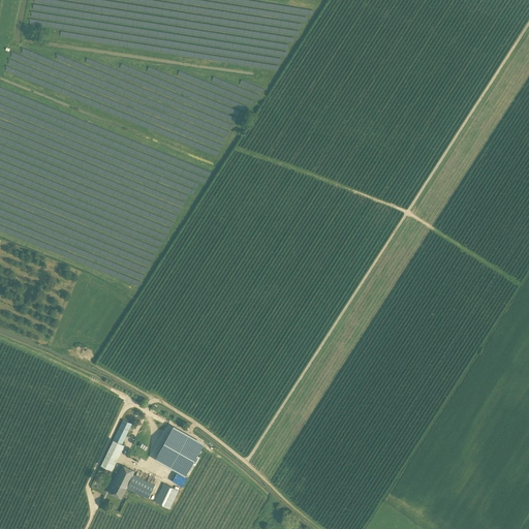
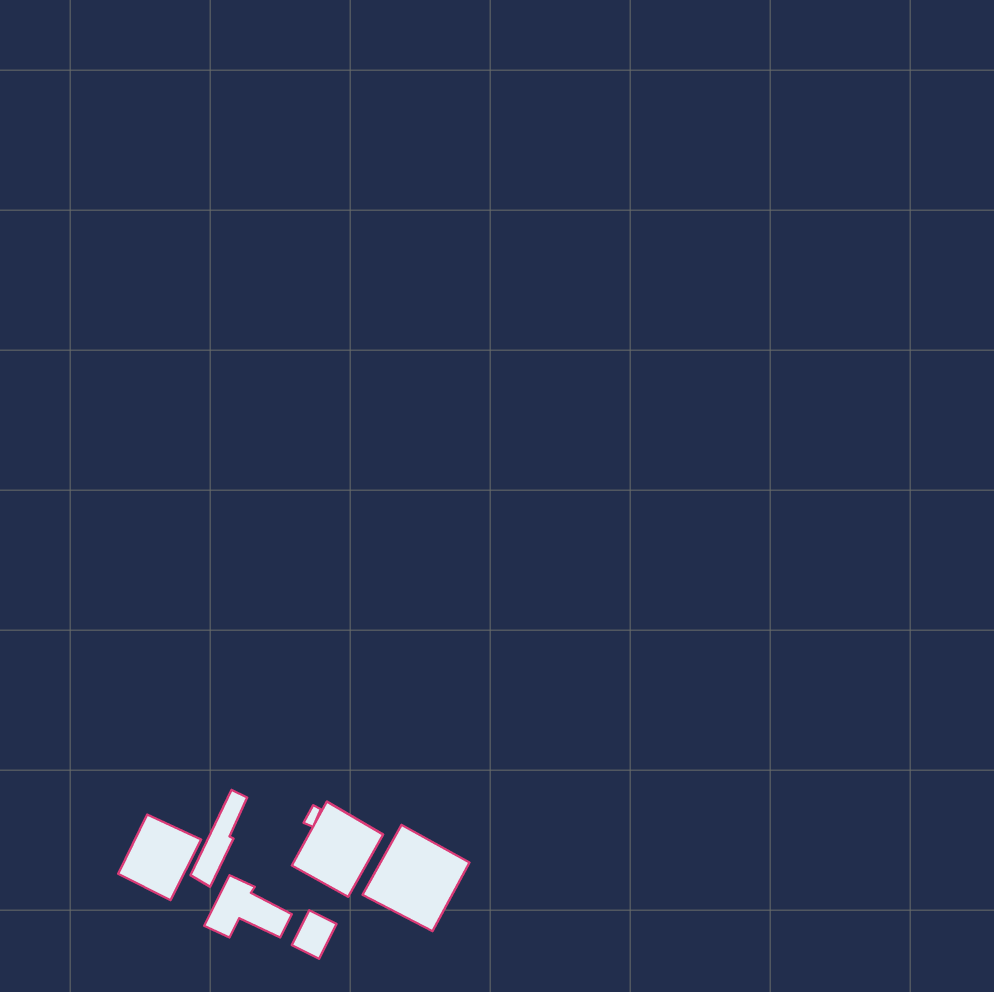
building: none -> [118,814,201,900]
building: none -> [362,825,470,931]

